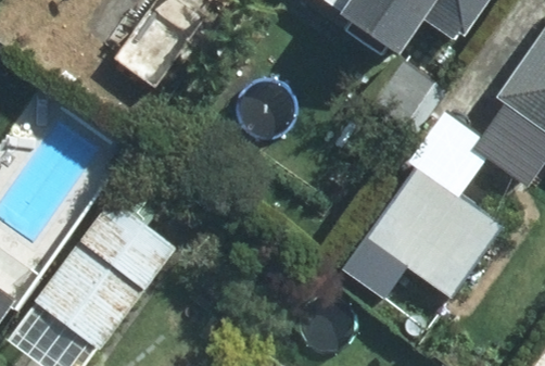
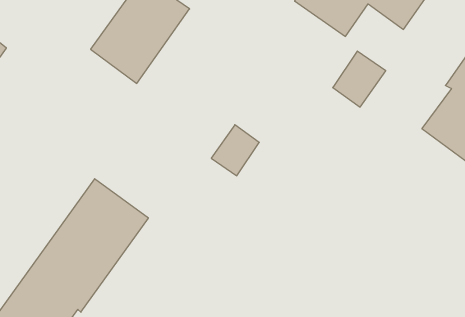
building: [370,165,498,290] -> none

